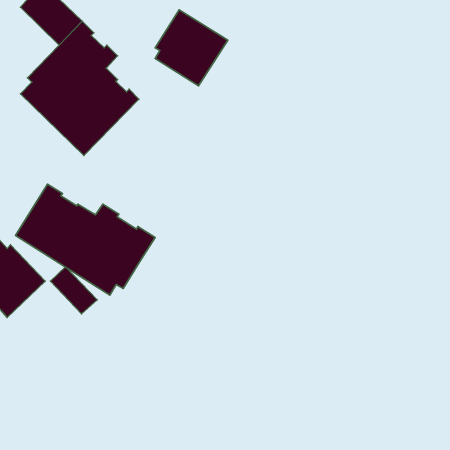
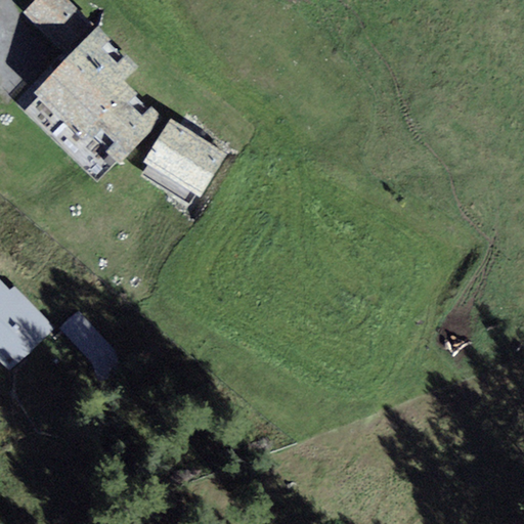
building: [155,10,228,86] -> [141,117,225,205]
building: [15,184,155,295] -> none

